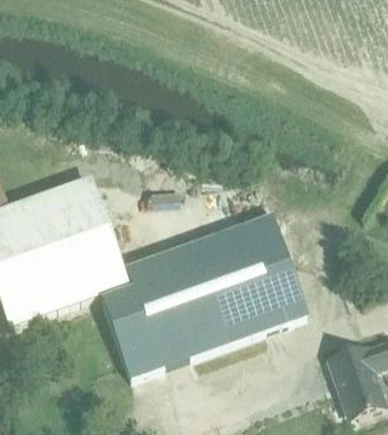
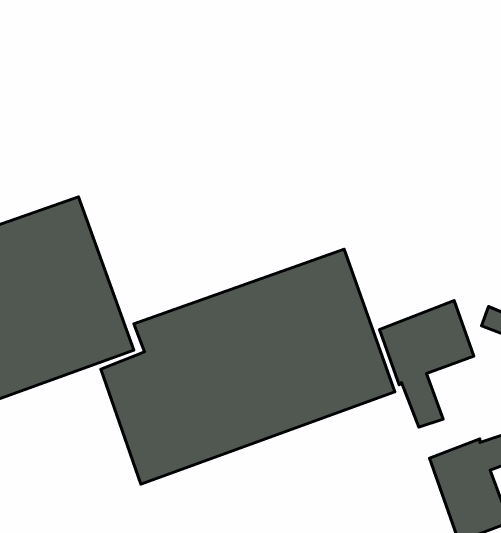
building: none -> [379,301,474,427]

